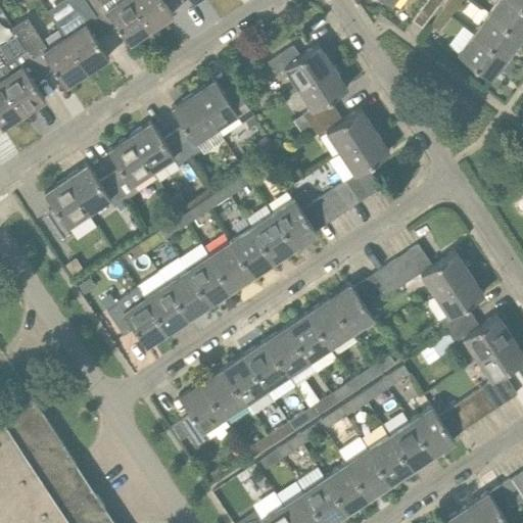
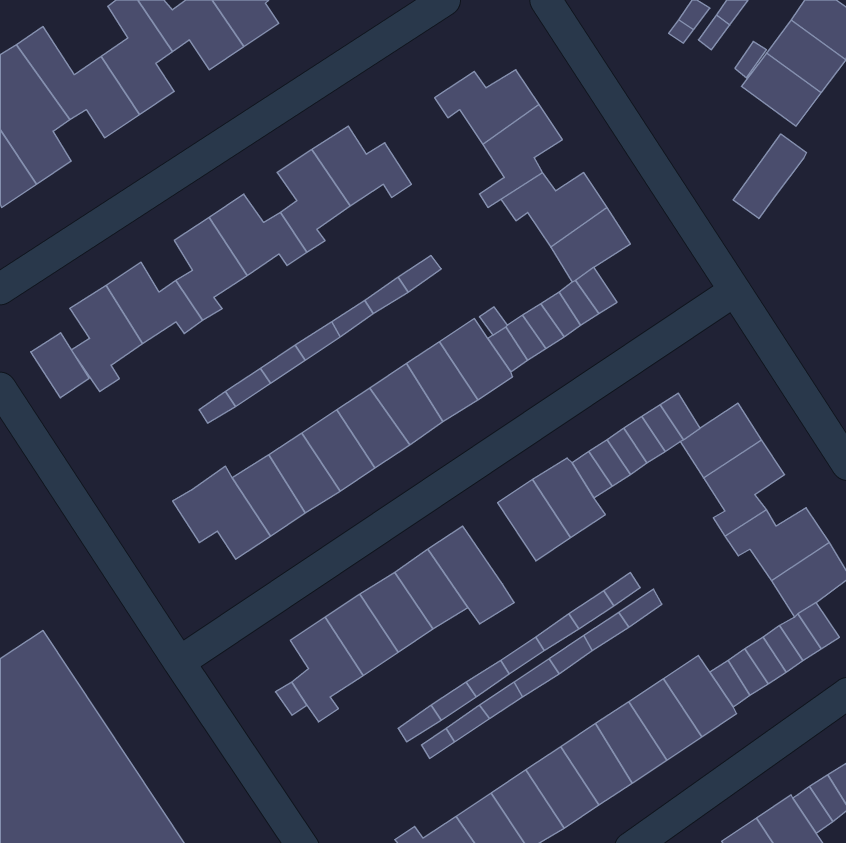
building: none -> [733,134,806,219]
building: none -> [31,333,89,398]
building: [286,313,331,363] -> none

